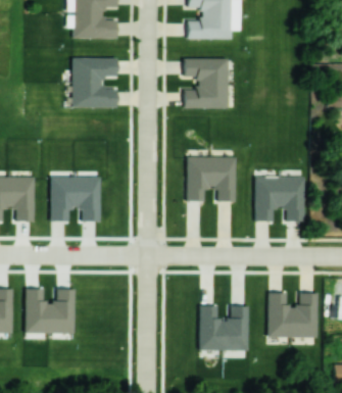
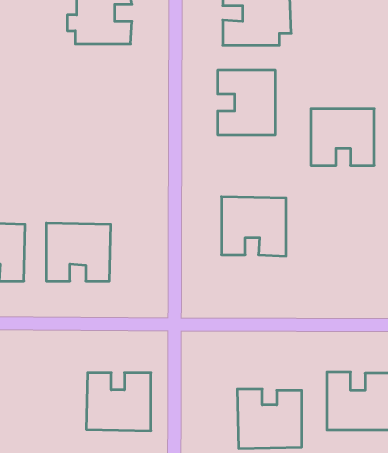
building: [72,57,117,107] -> none
building: [255,178,304,222] -> [311,109,374,165]
building: [25,289,75,334] -> [86,373,151,431]

